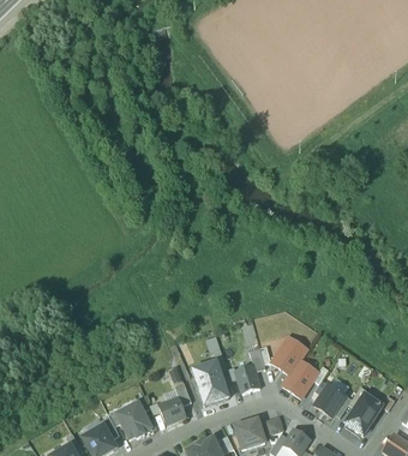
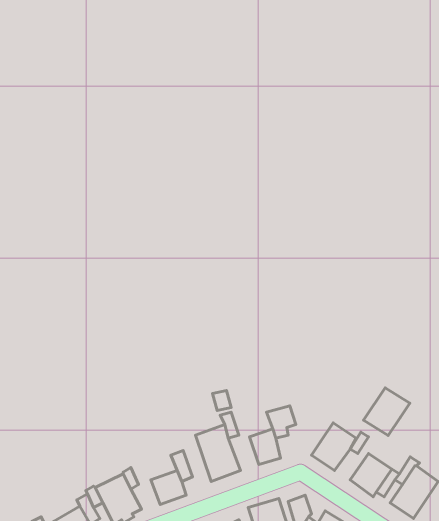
building: [271,337,307,374] -> [363,388,410,436]

